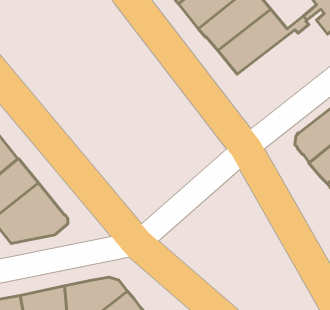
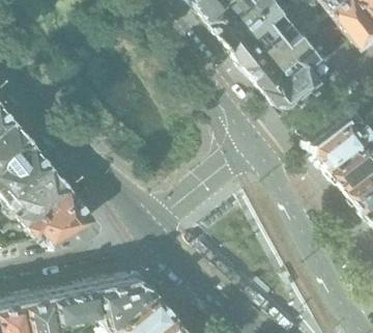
building: none -> [257,44,326,102]

